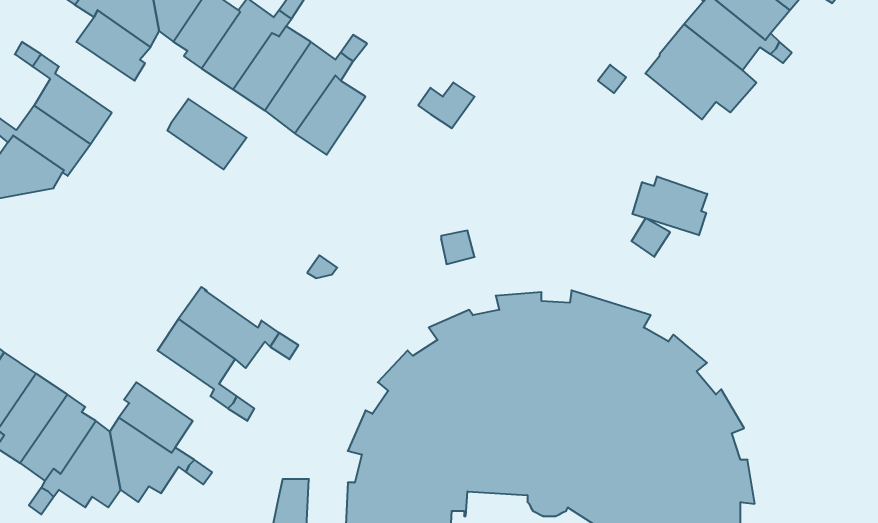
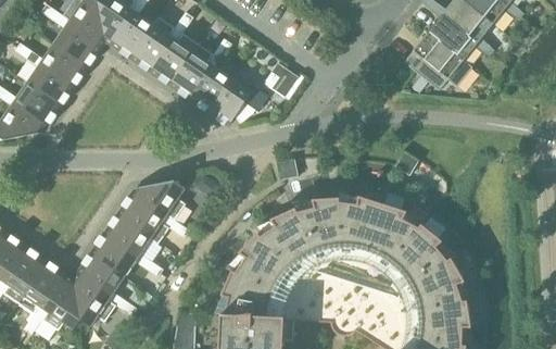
building: none -> [208,74,257,123]
building: [167,99,247,169] -> [41,40,90,84]
building: [632,176,707,235] -> none
building: none -> [134,177,187,217]
building: none -> [91,230,139,274]

